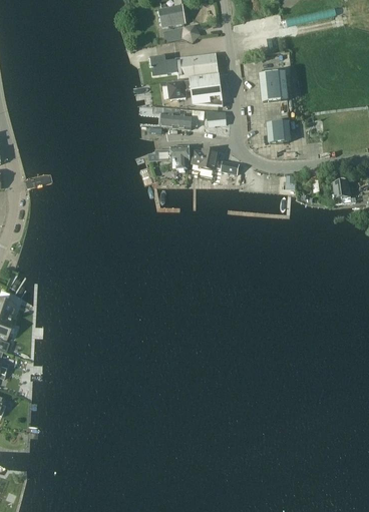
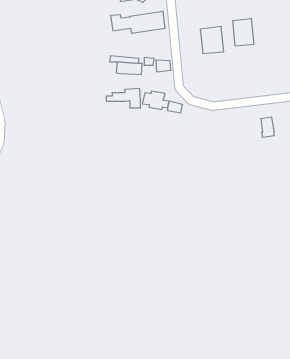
building: none -> [233,18,254,46]
building: [167,73,222,104] -> none
building: [268,119,290,141] -> none

